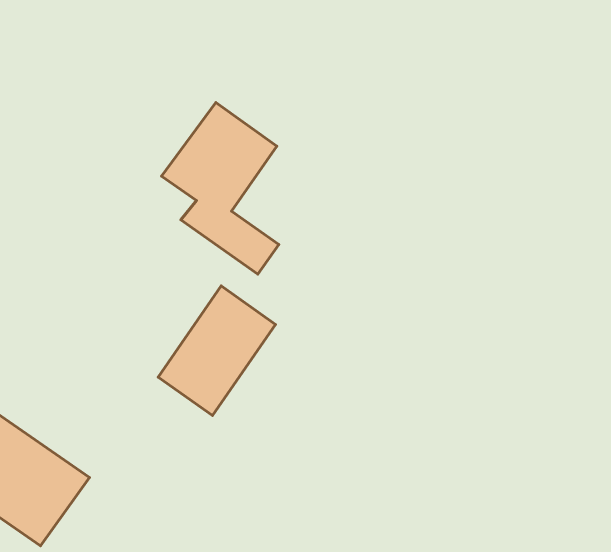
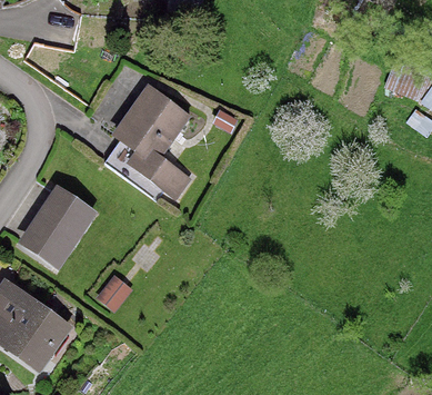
building: [158,286,275,416] -> [23,189,98,271]

